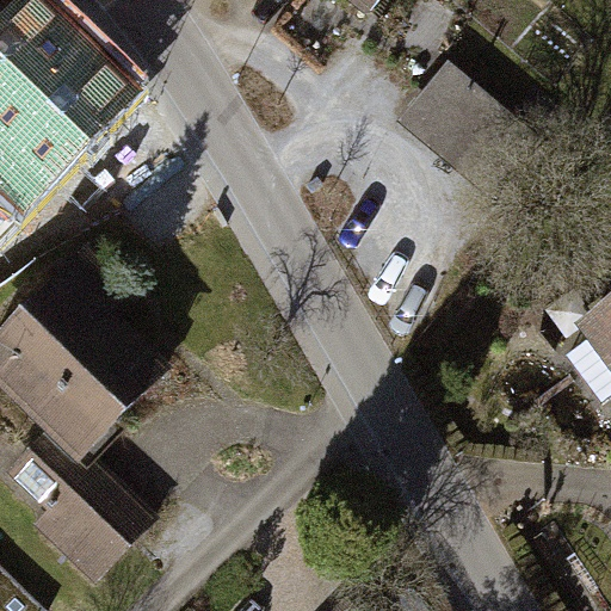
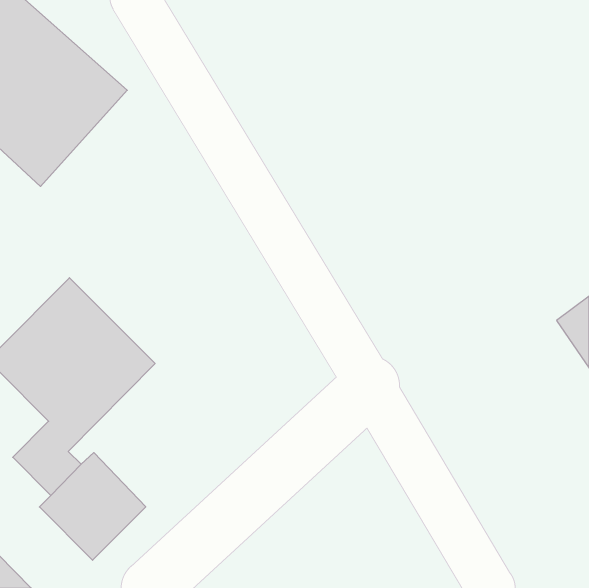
building: [402,66,506,168] -> none

